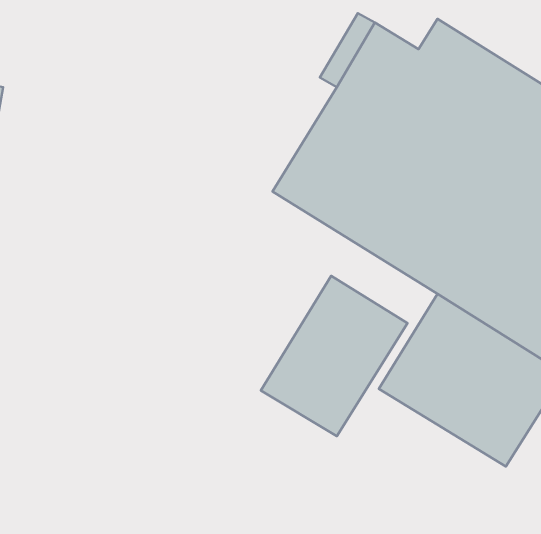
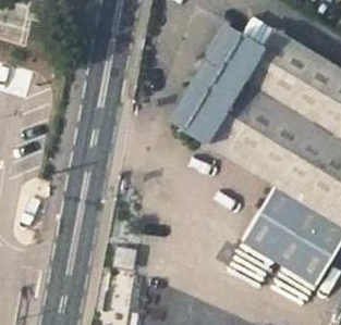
building: [261,276,408,436] -> none

